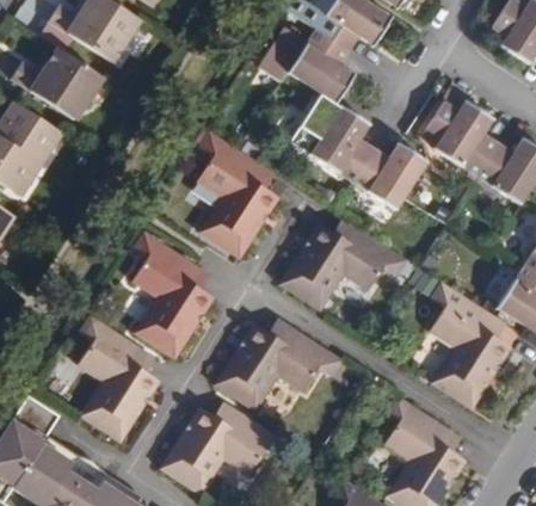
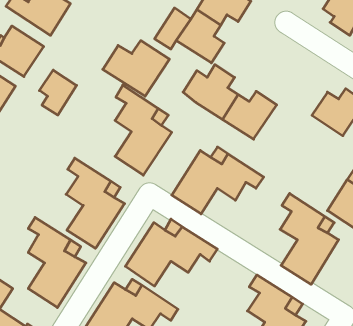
building: none -> [103,41,169,96]
building: [421,99,495,174] -> none
building: none -> [39,70,77,115]

